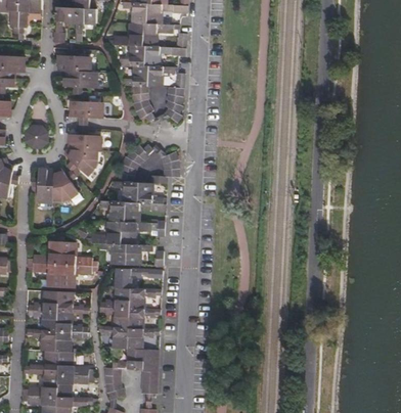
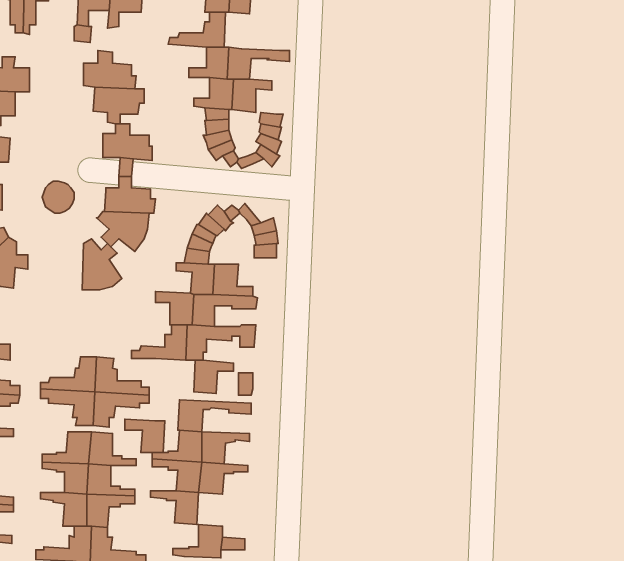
building: [144,21,181,45] -> none
building: [31,170,54,202] -> none
building: [100,243,126,265] -> [125,419,165,453]
building: [127,329,159,351] -> none

